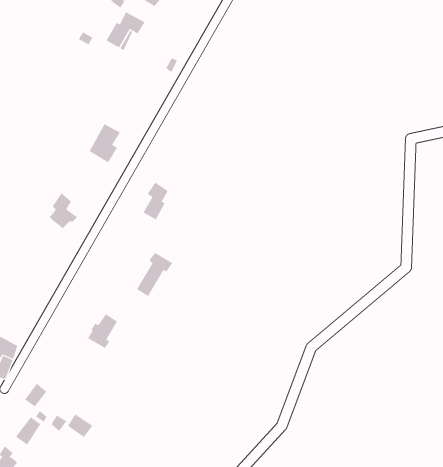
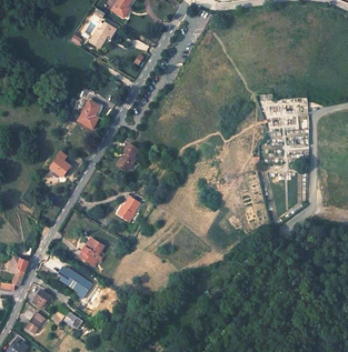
building: none -> [57,265,92,299]

